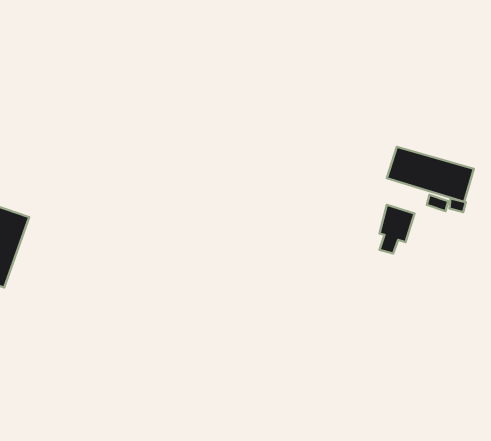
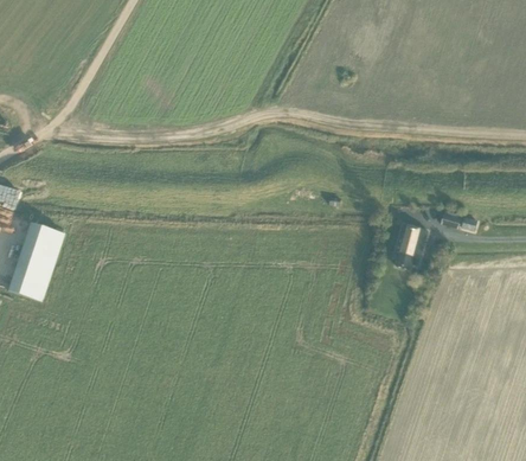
building: [387,147,474,202] -> none

